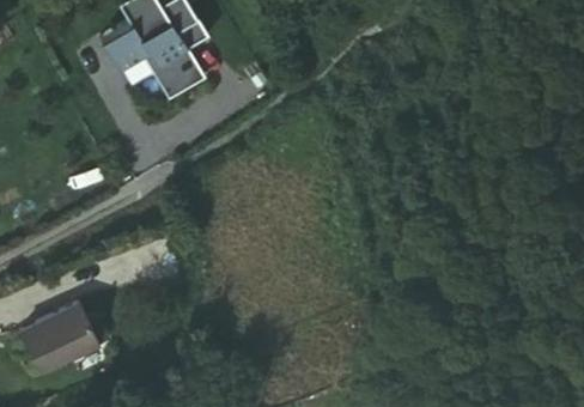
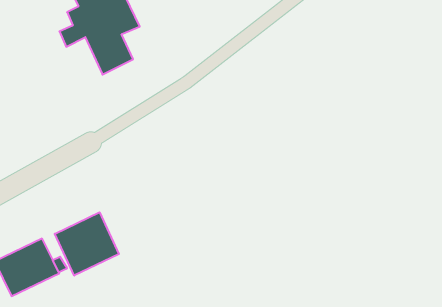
building: none -> [55,212,119,276]

